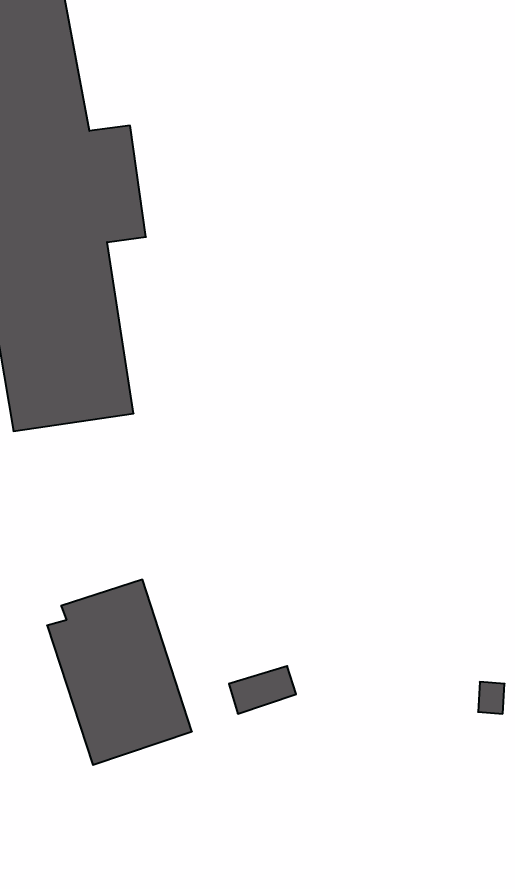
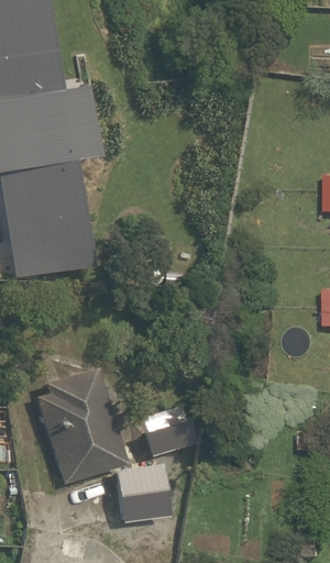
building: none -> [117,463,172,522]

